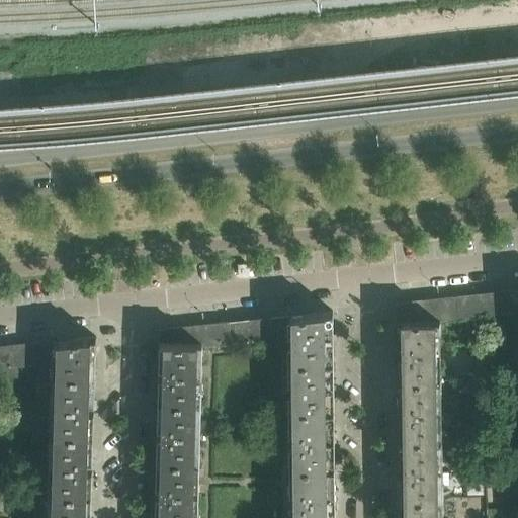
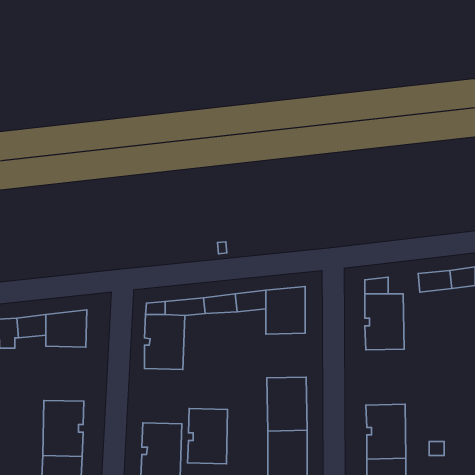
building: [421,298,455,321] -> none
building: [288,363,332,412] -> none
building: [48,377,93,437] -> none
building: [397,380,439,441] -> none
building: [155,402,198,461] -> [187,409,228,464]

